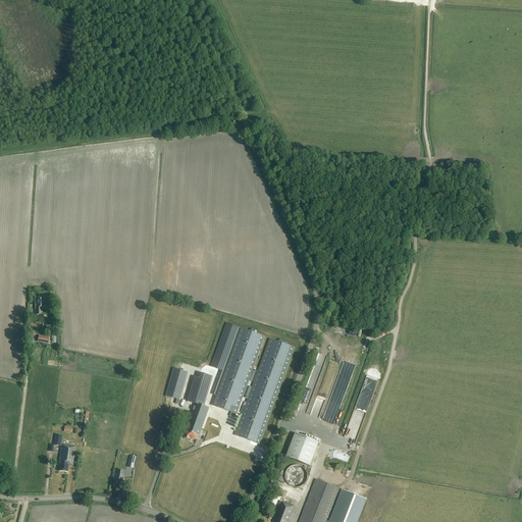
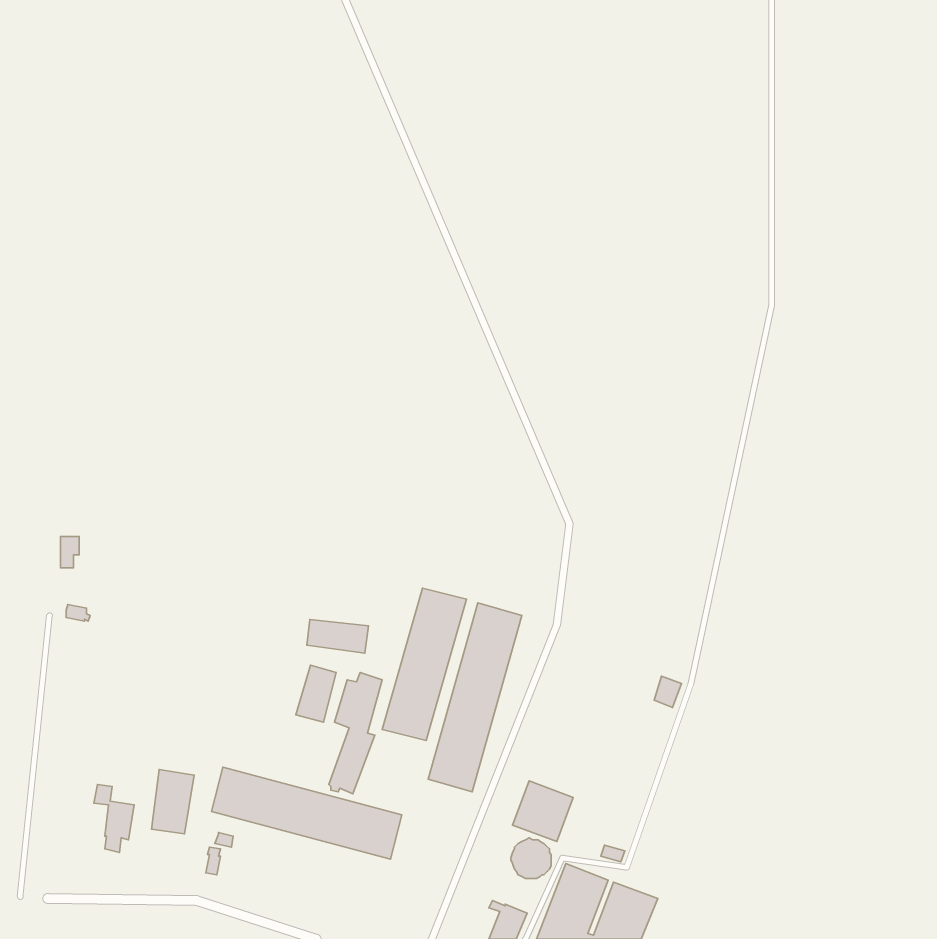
building: none -> [307,619,369,653]
building: none -> [212,767,402,859]
building: none -> [152,770,194,834]

